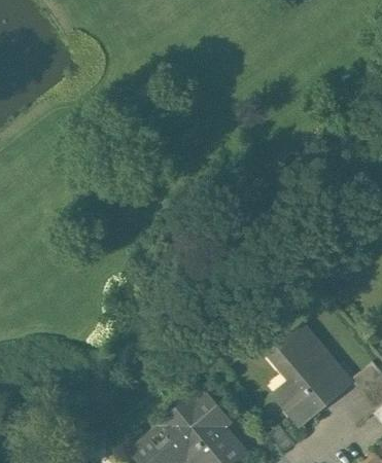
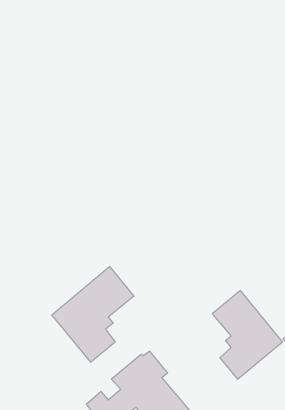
building: none -> [52,267,134,362]

